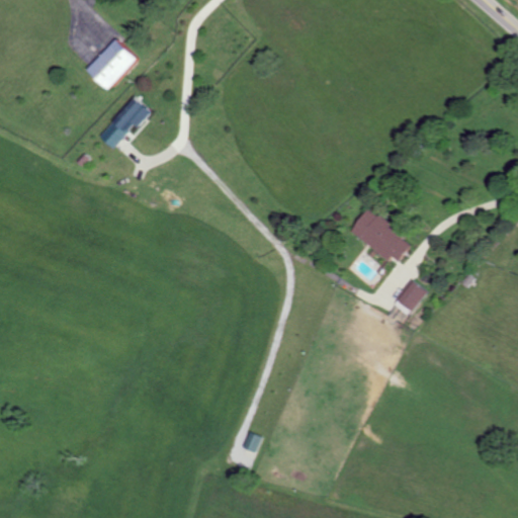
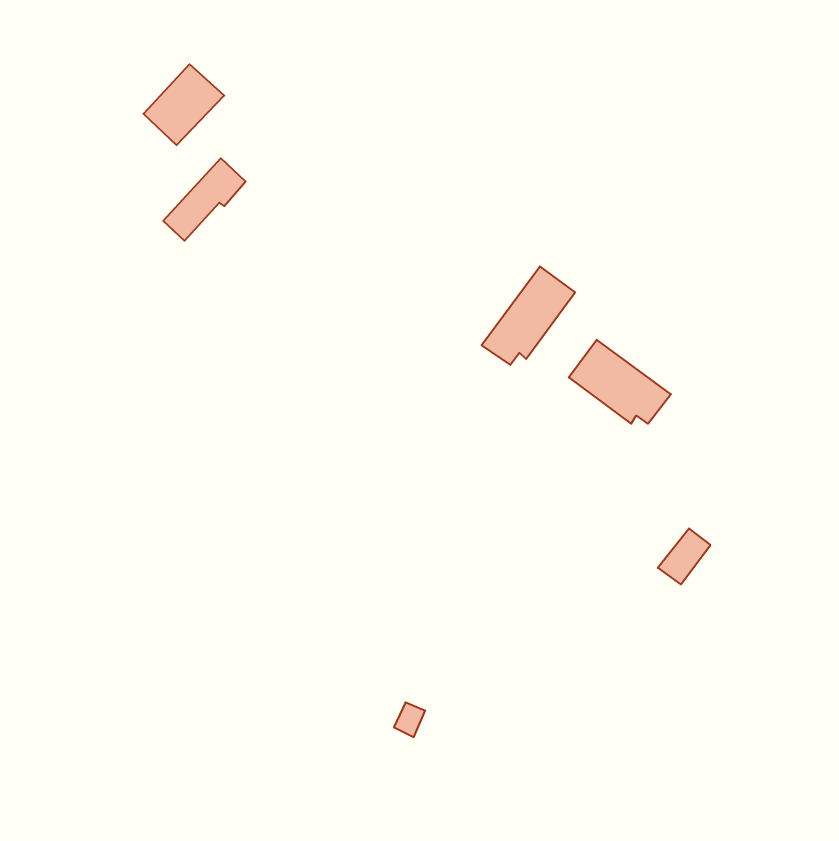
building: none -> [482,266,575,365]
building: [394,280,426,315] -> [658,528,710,584]

